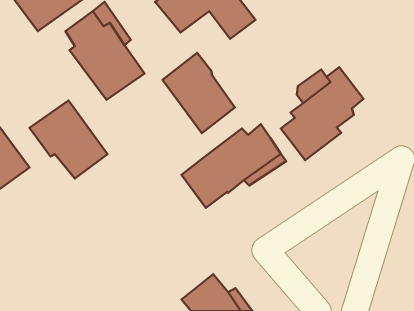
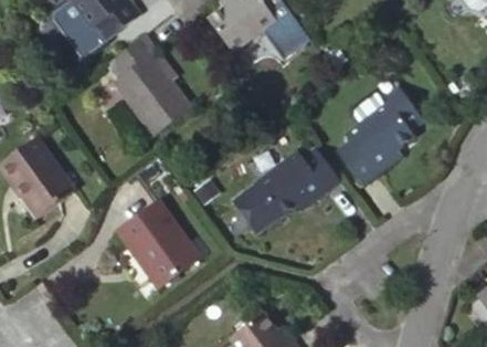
building: [163,53,235,133] -> none
building: [29,100,108,179] -> [116,207,198,288]

